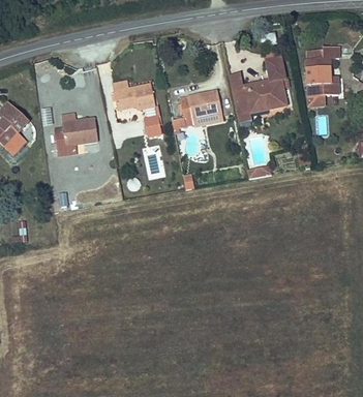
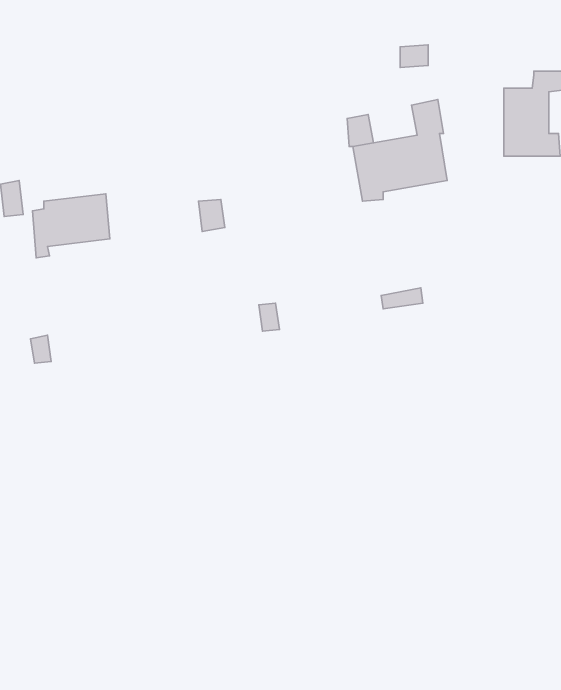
building: [114,82,154,113] -> none
building: [174,99,215,129] -> none

